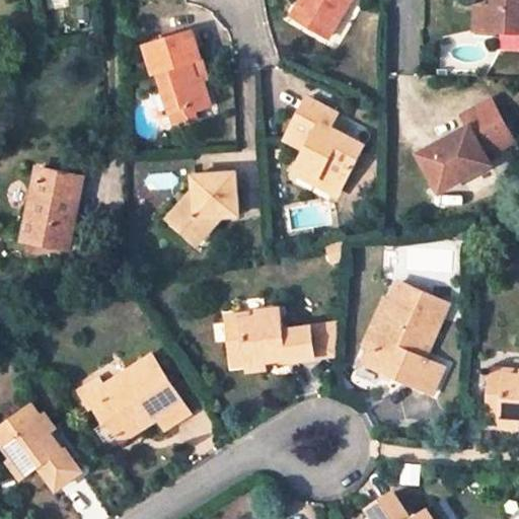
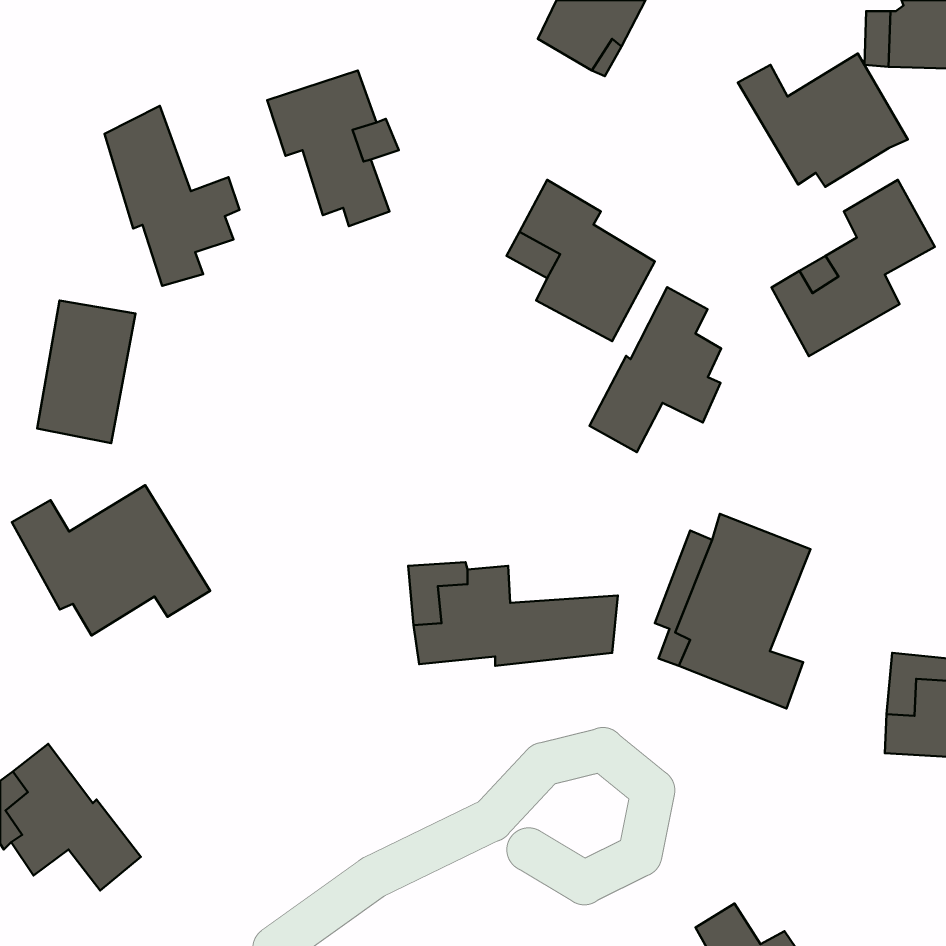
building: none -> [738,54,908,187]
building: none -> [104,106,240,286]
building: none -> [590,287,721,452]
building: [164,176,235,245] -> none
building: [75,360,183,442] -> [12,485,210,635]

